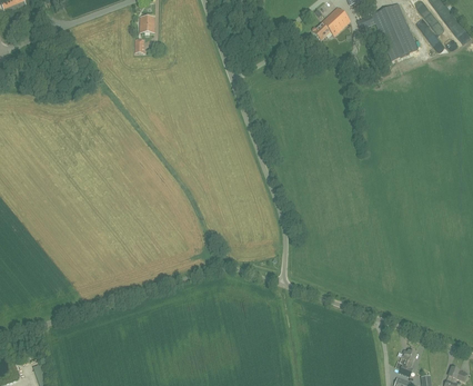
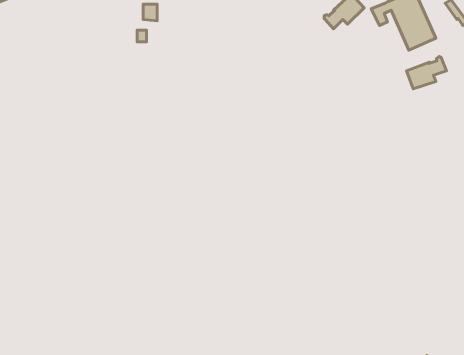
building: none -> [406,56,446,89]

